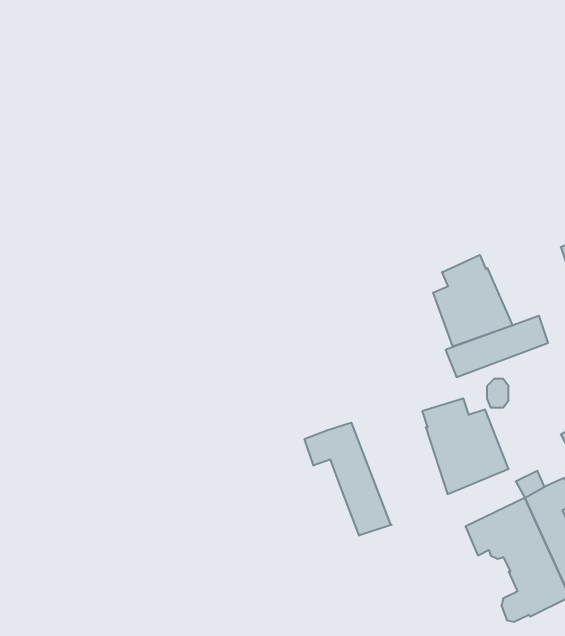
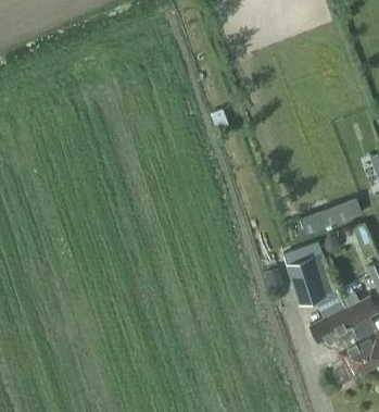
building: [433,255,513,346] -> none
building: [305,423,392,536] -> none

